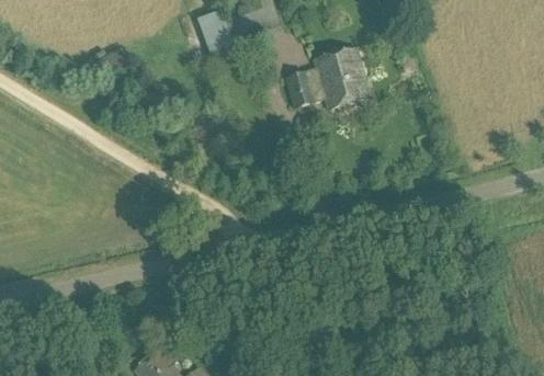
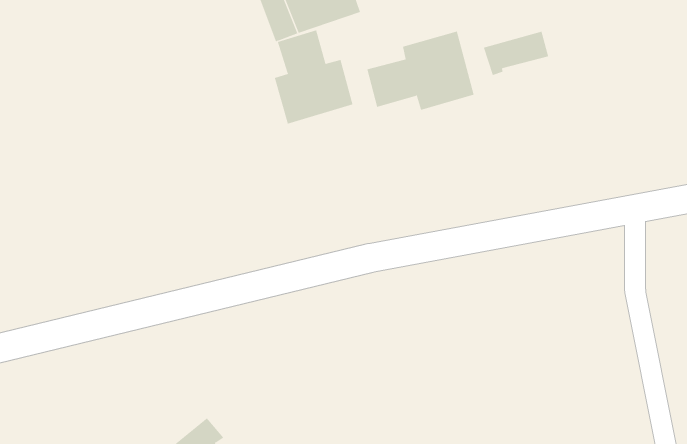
building: none -> [274,30,353,124]
building: none -> [483,31,549,76]

